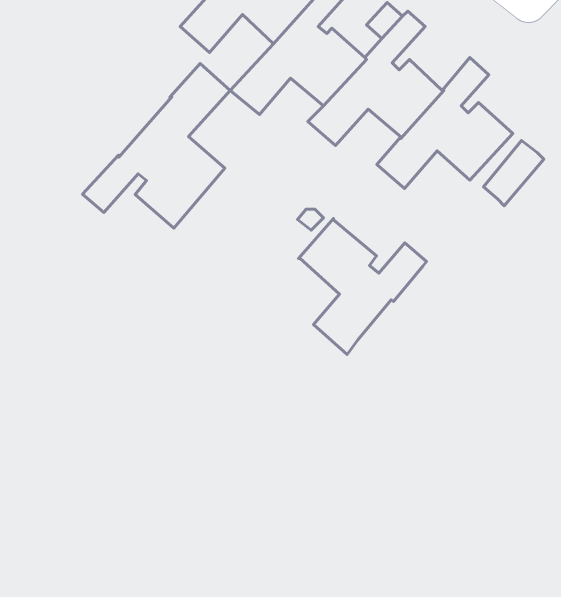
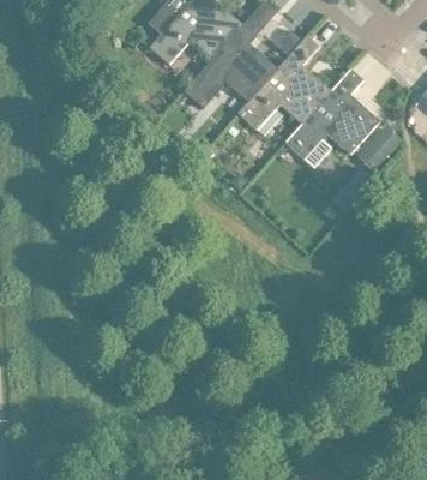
building: [82,63,230,228] -> none
building: [299,219,426,354] -> none

